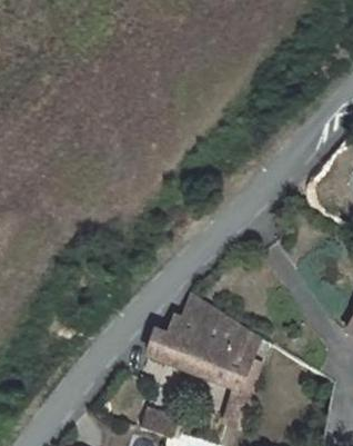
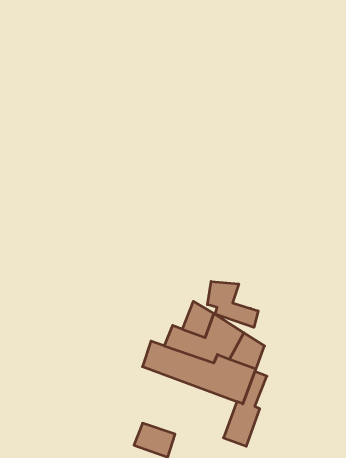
building: none -> [207,281,258,327]

